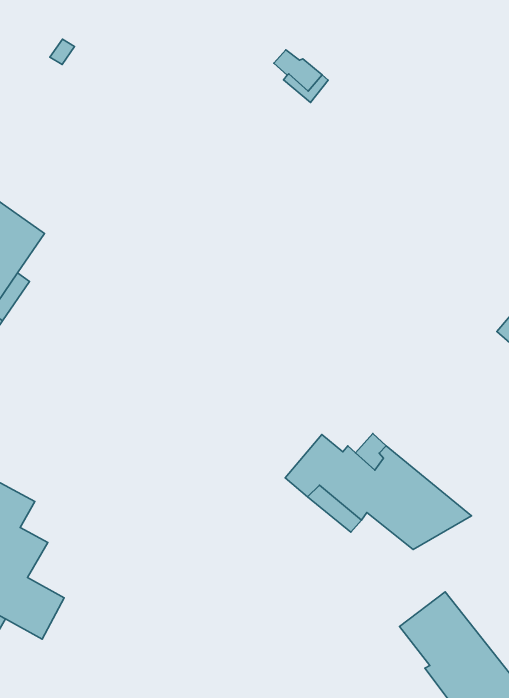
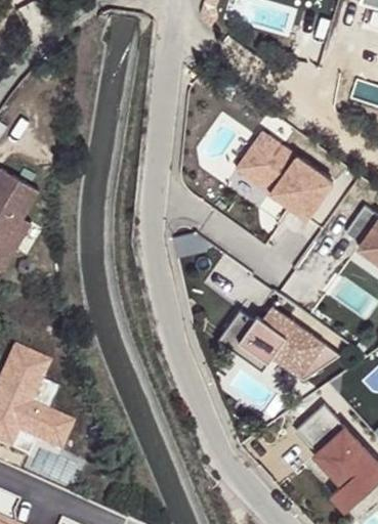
building: none -> [234,131,330,217]

